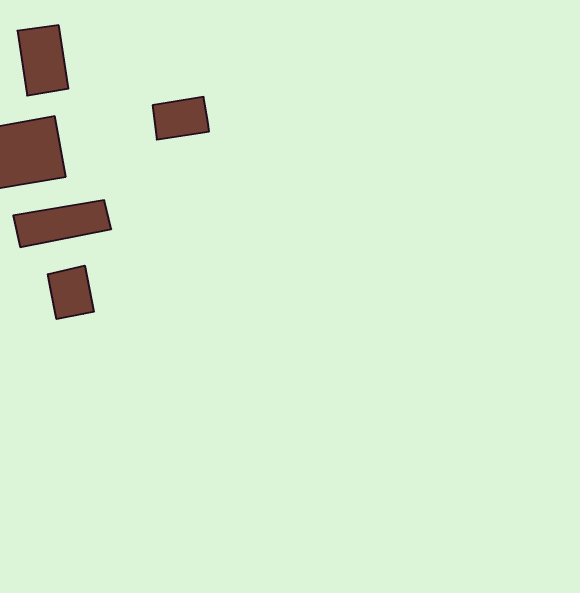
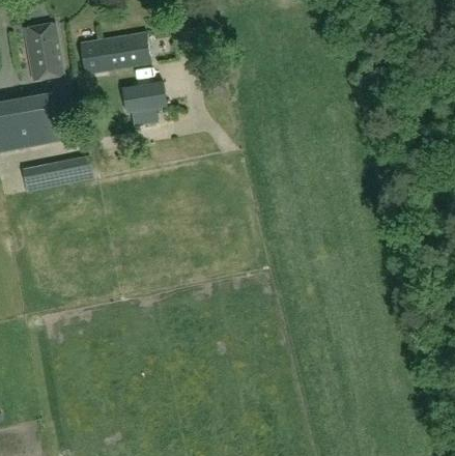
building: none -> [79,32,149,74]
building: [48,266,94,319] -> none

